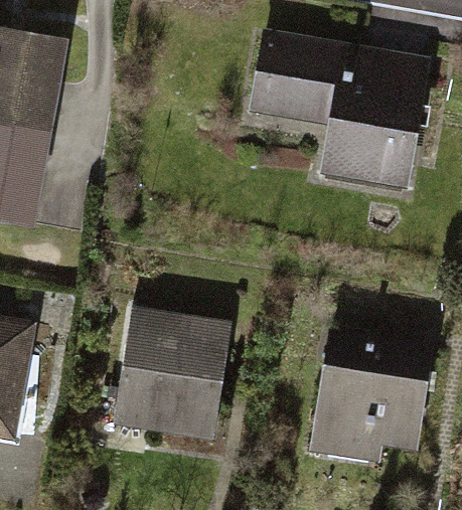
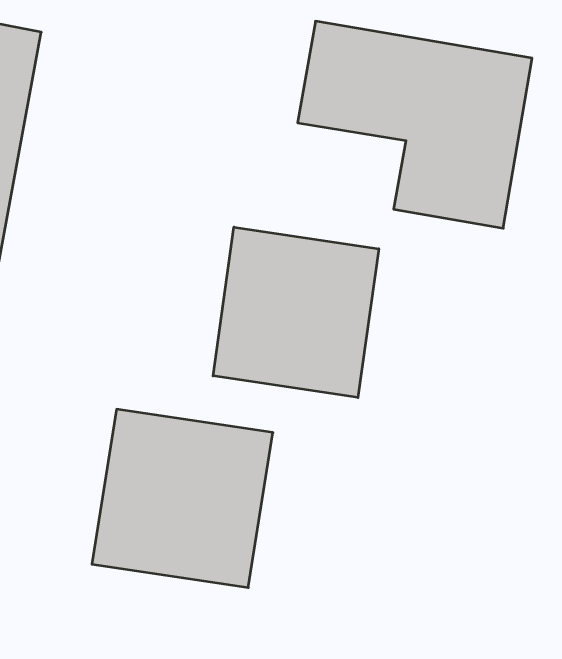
building: none -> [213,227,379,398]
building: [304,329,435,470] -> none

